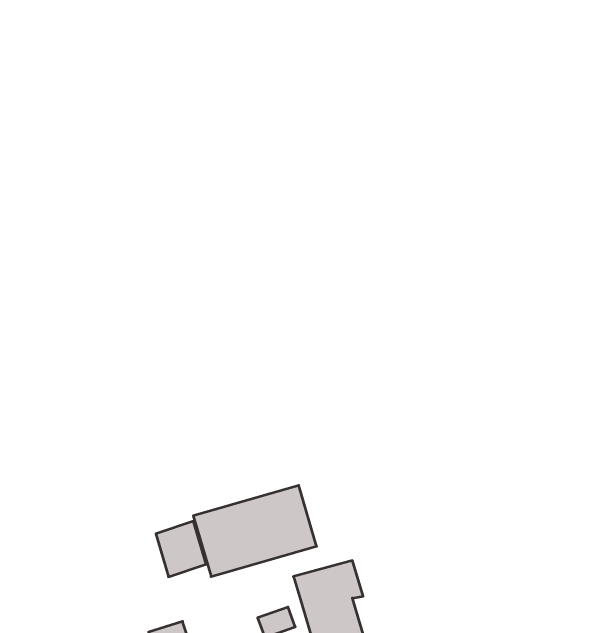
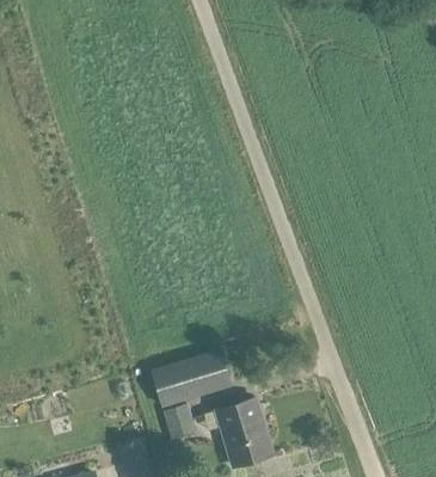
building: [156,521,206,577] -> [164,403,197,440]

